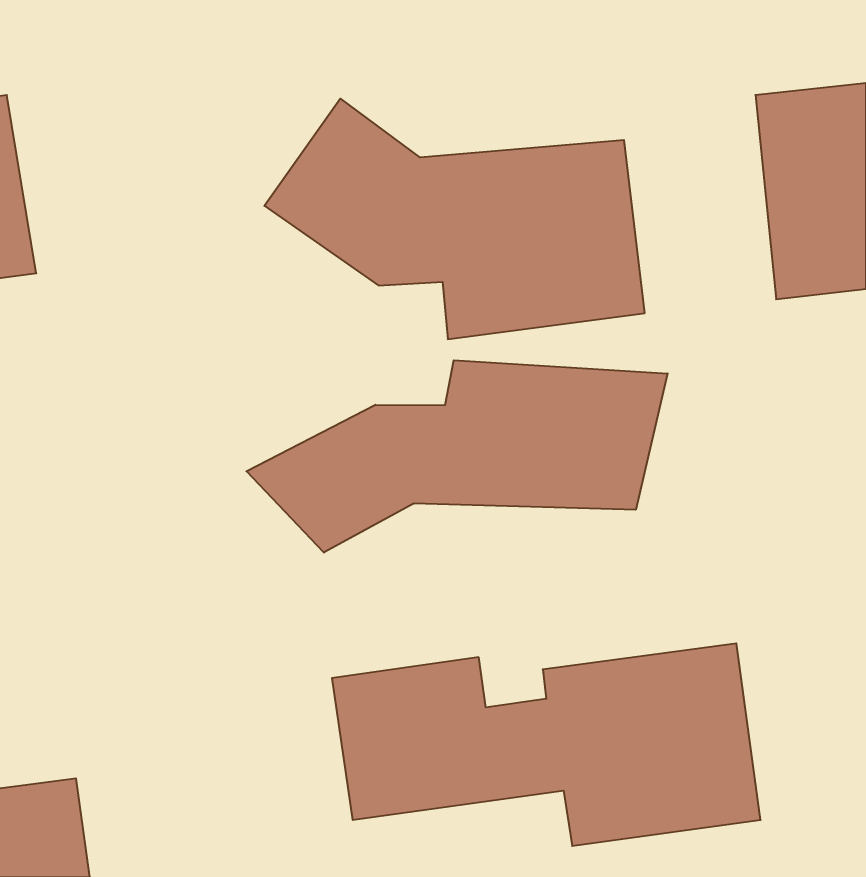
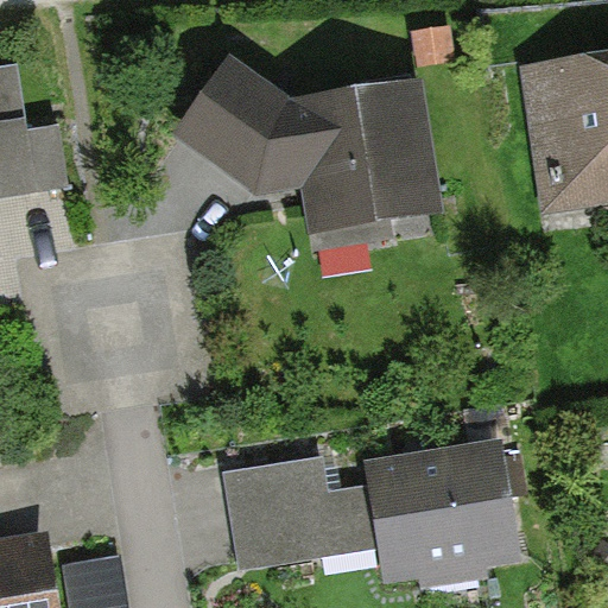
building: [246,360,668,553] -> none

